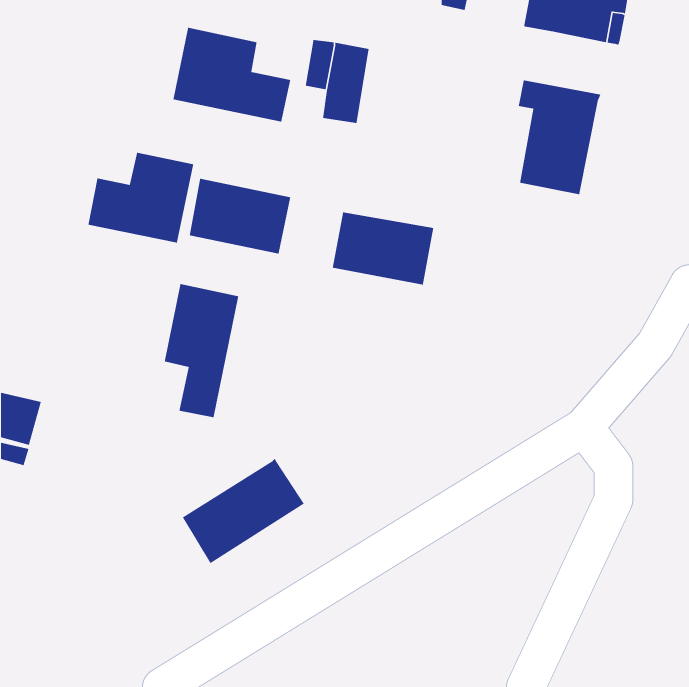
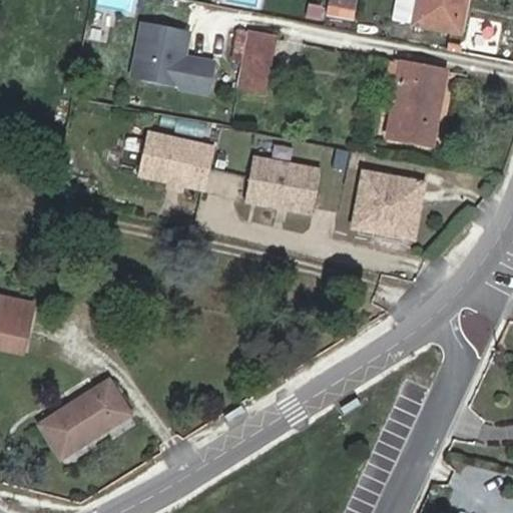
building: [87,152,194,244] -> none
building: none -> [351,171,422,238]
building: [164,283,239,418] -> none
building: [182,458,305,564] -> [39,379,130,458]

